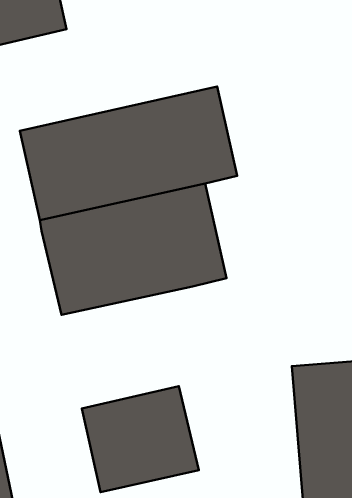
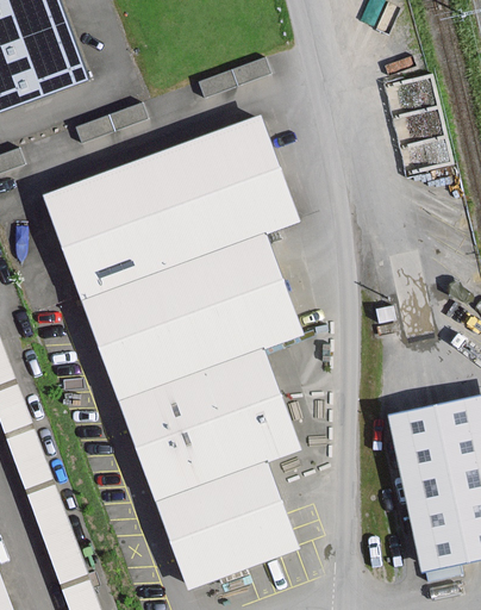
building: none -> [121,344,300,497]

